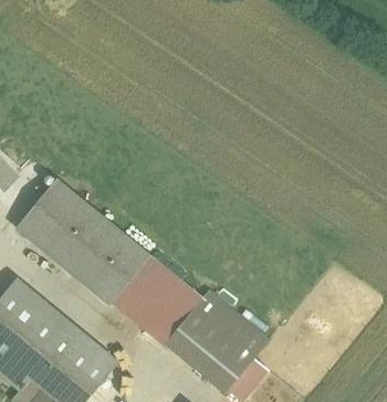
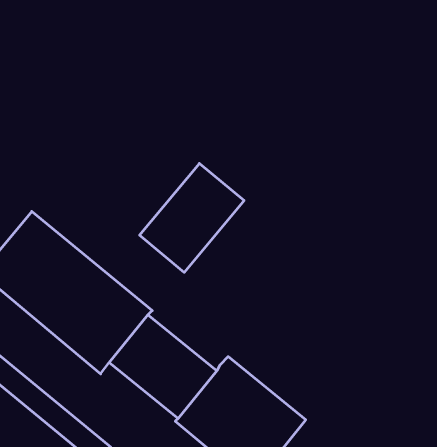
building: none -> [140,163,244,272]

